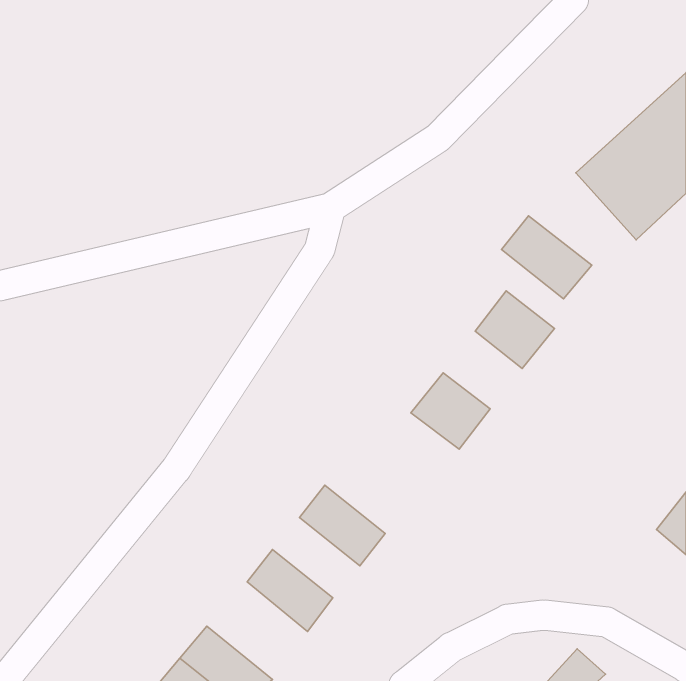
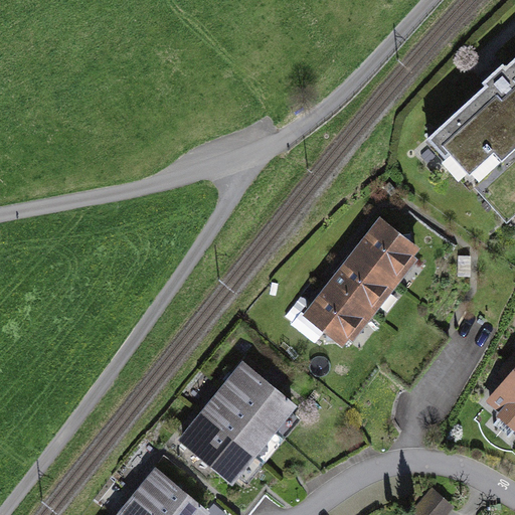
building: [501,216,592,299] -> none
building: none -> [332,251,391,310]
building: none -> [204,391,270,452]

